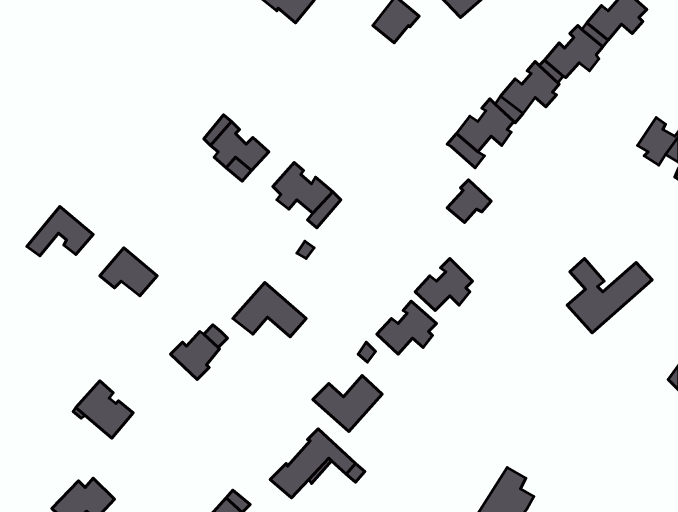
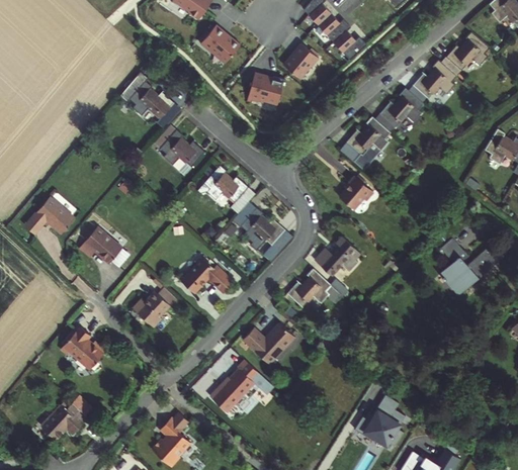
building: none -> [249,68,285,97]
building: none -> [119,71,175,120]
building: none -> [243,207,288,254]

